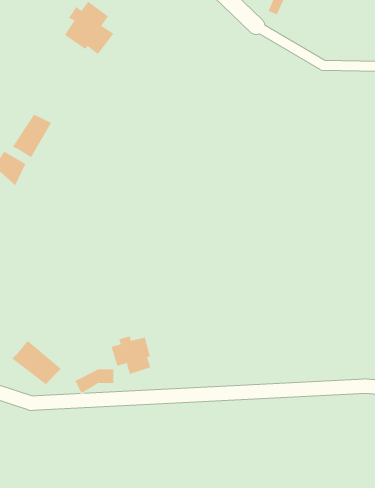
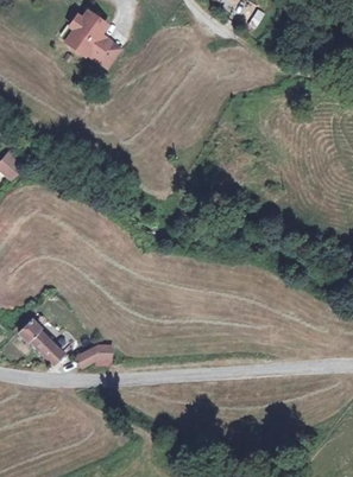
building: [12,114,52,158] -> none
building: [111,336,151,375] -> none

